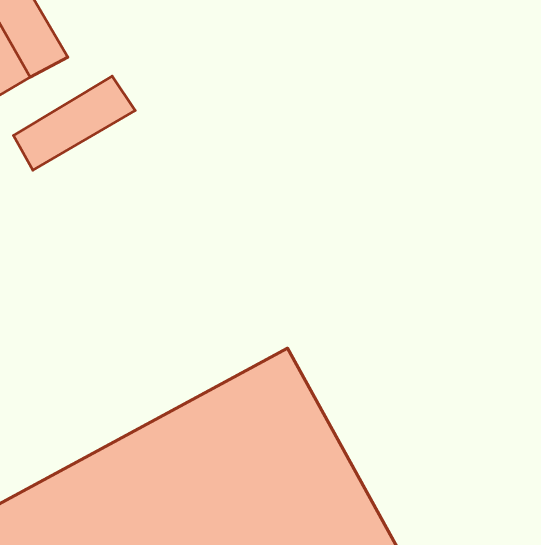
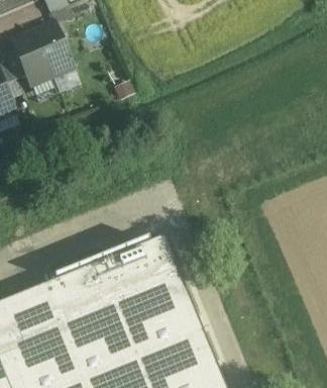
building: [13,76,135,170] -> none

